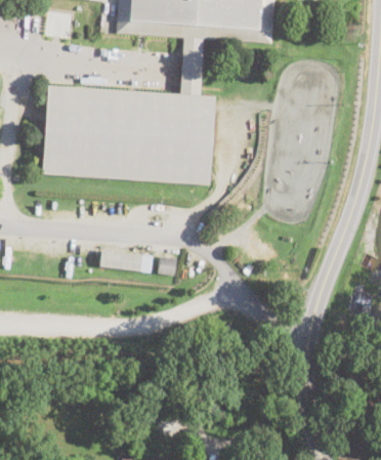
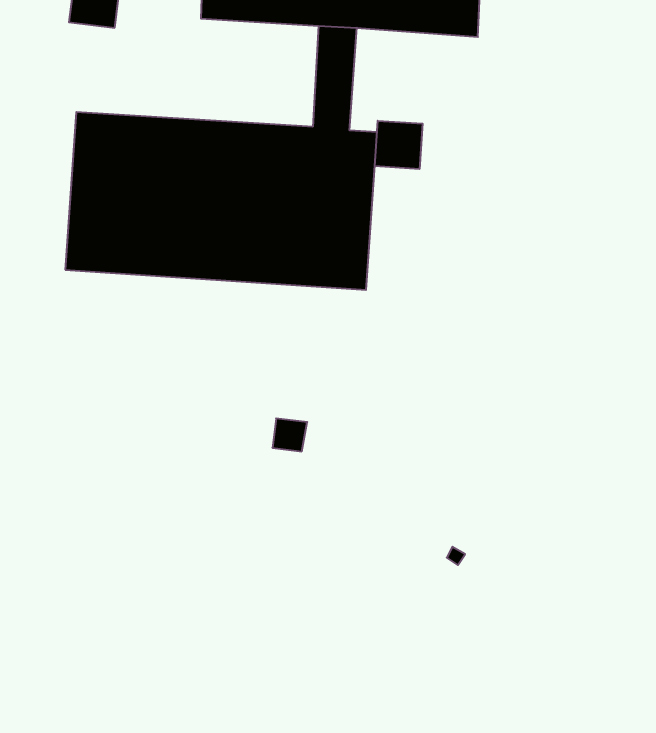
building: none -> [375,121,423,169]
building: [100,250,143,270] -> none

